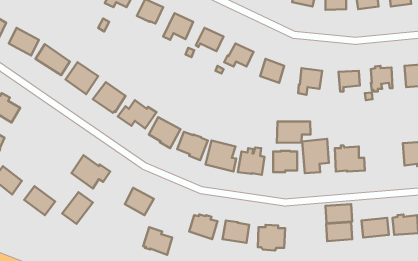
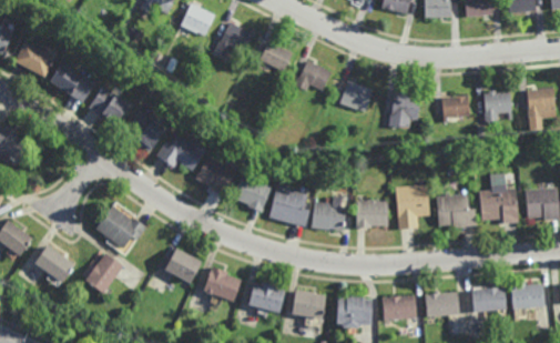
building: [277,122,311,143] -> none
building: none -> [478,184,518,224]
building: [326,204,352,223] -> [383,295,417,320]
building: [143,227,172,255] -> [204,266,242,302]

